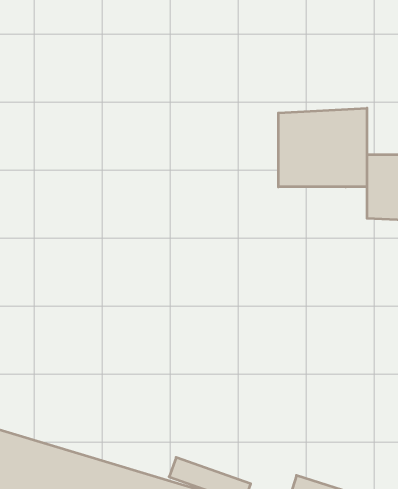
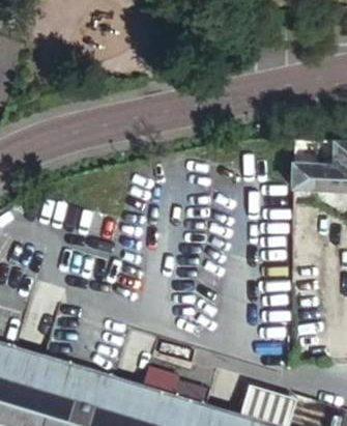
building: [278,108,367,187] -> none

